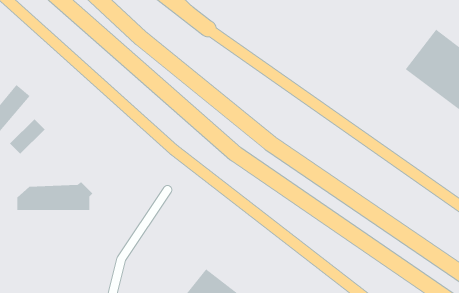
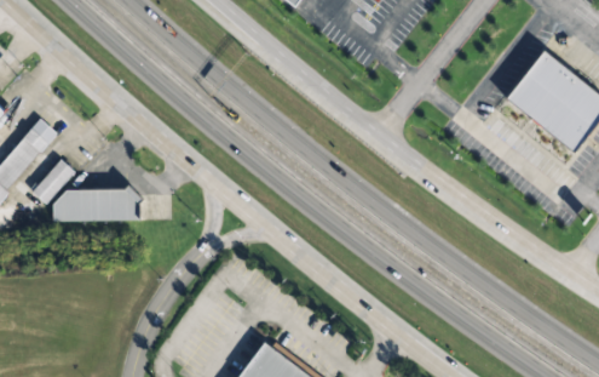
building: [17,181,93,211] -> [51,185,143,221]

